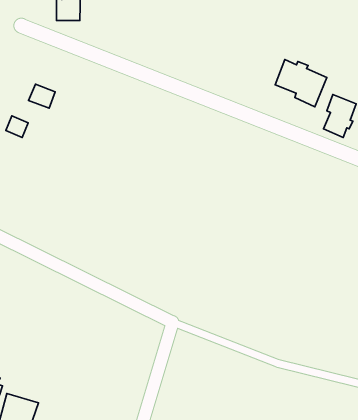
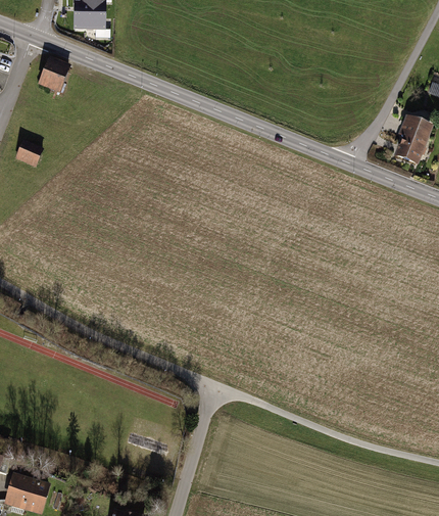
building: [275,59,327,107] -> none
building: [29,84,55,108] -> [37,63,68,92]

